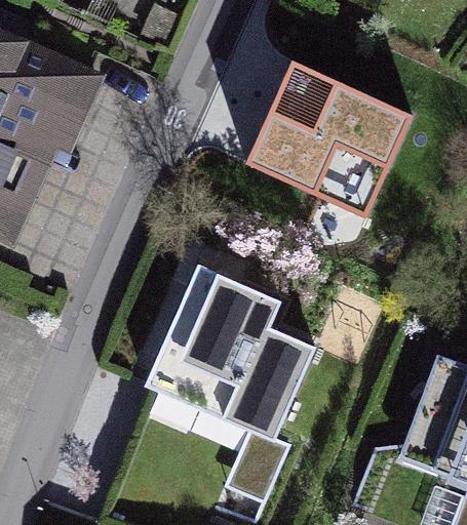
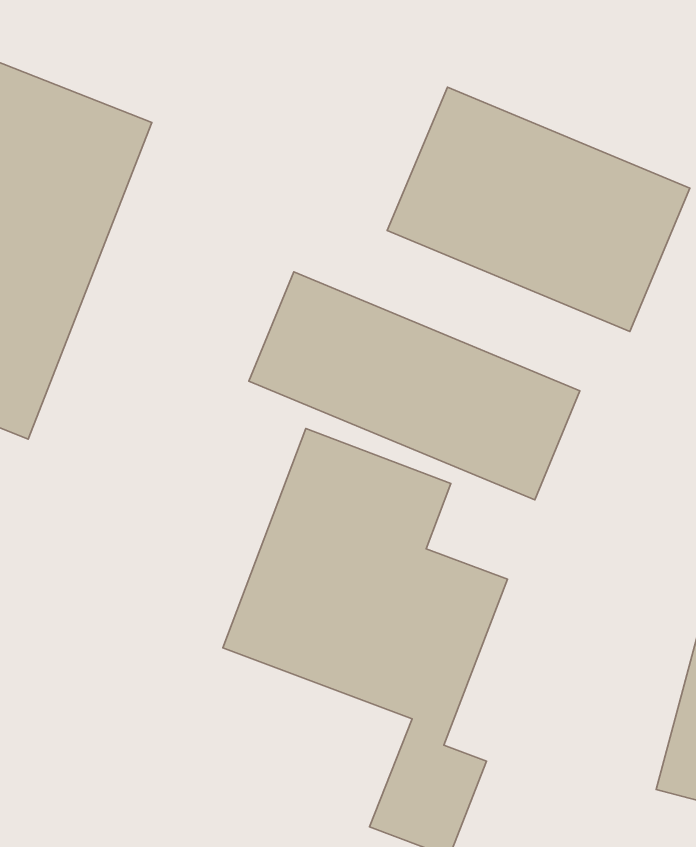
building: none -> [249,272,580,500]

